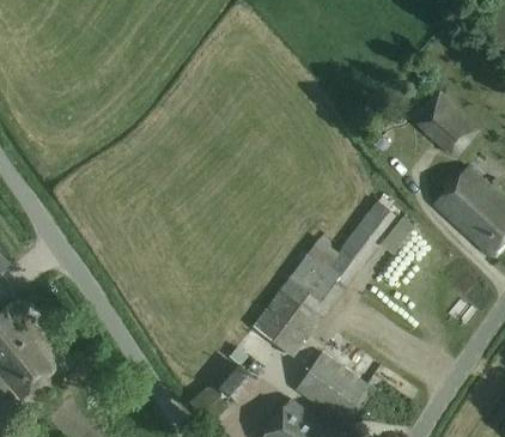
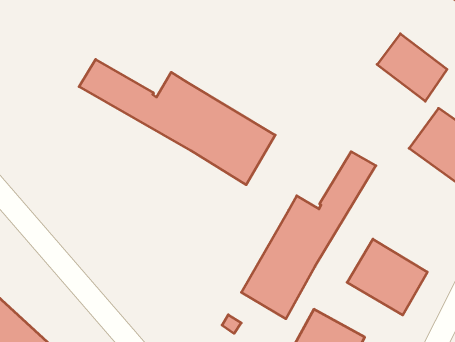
building: none -> [79,59,275,185]
building: none -> [347,239,427,315]

